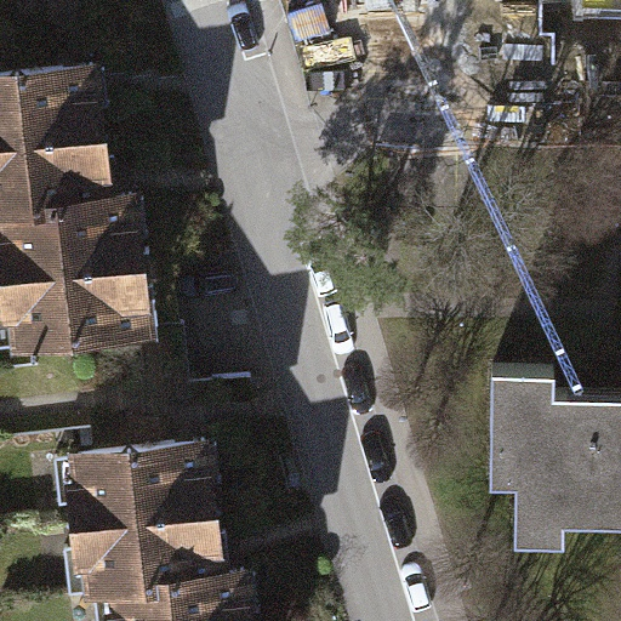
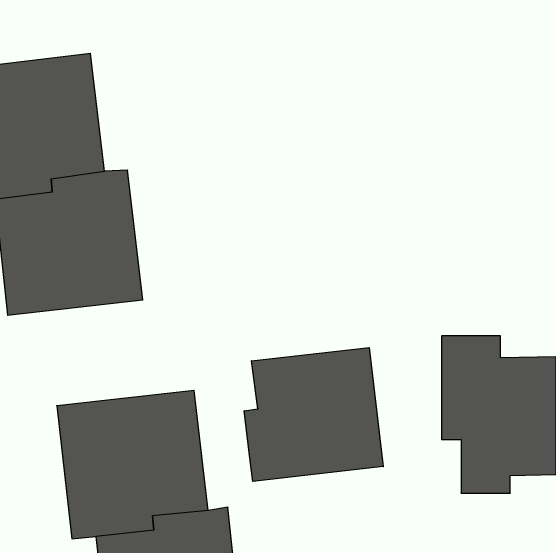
building: none -> [244,348,383,481]

